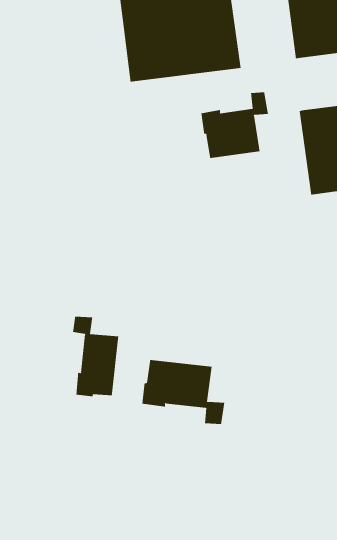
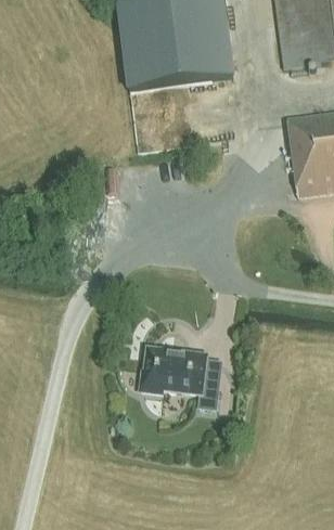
building: [201,91,268,159] -> none
building: [73,316,119,397] -> none

